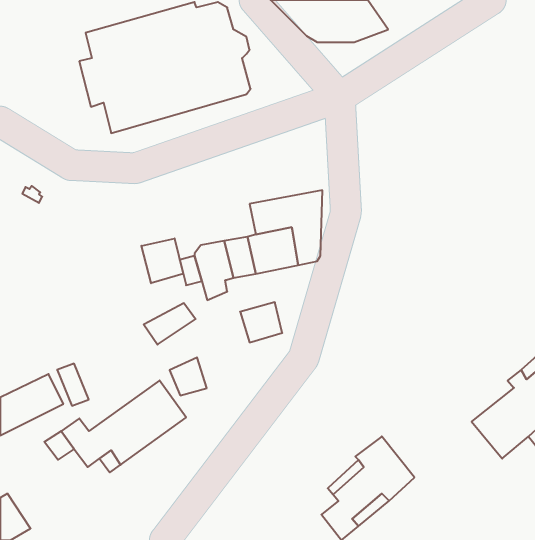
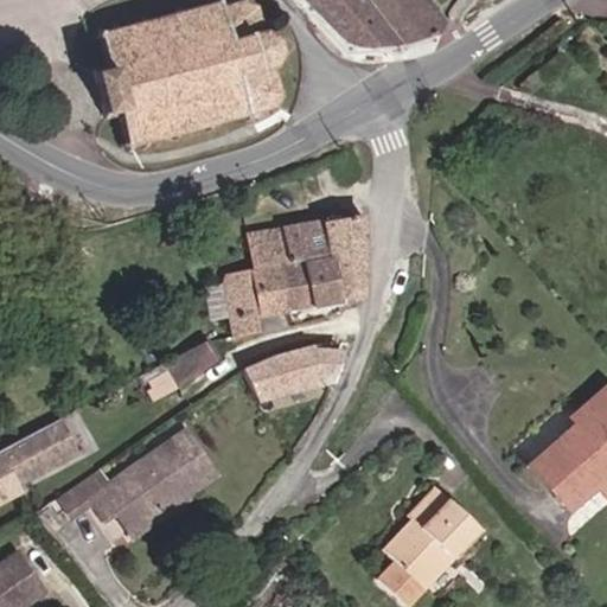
building: none -> [249,229,293,270]
building: [141,238,183,283] -> none
building: [170,357,207,395] -> [244,350,286,392]

